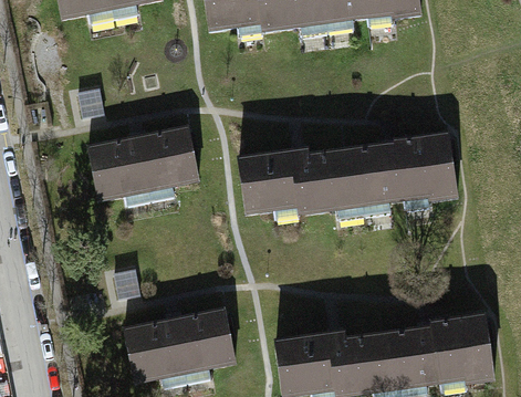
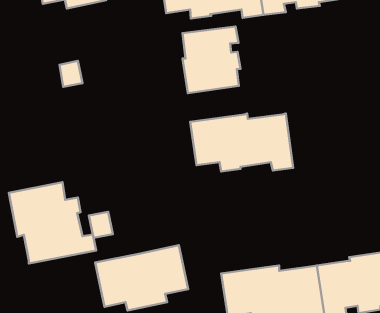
building: none -> [183,26,241,93]
building: [87,124,199,203] -> none
building: [353,130,455,213] -> none
building: none -> [9,182,96,264]

